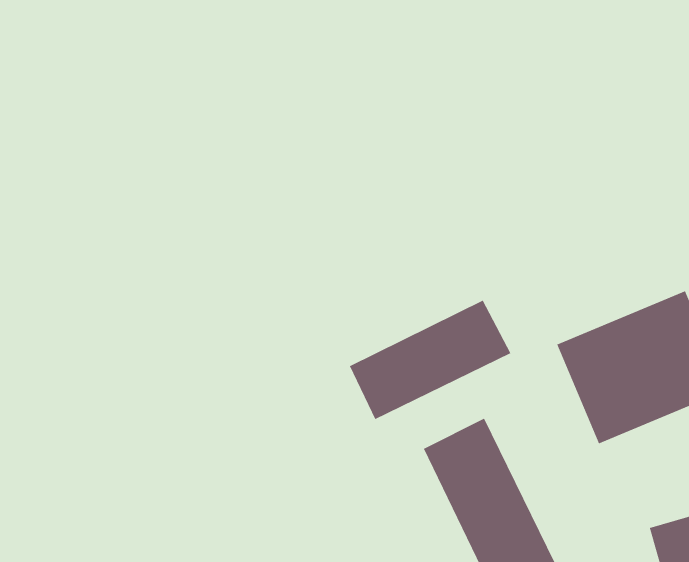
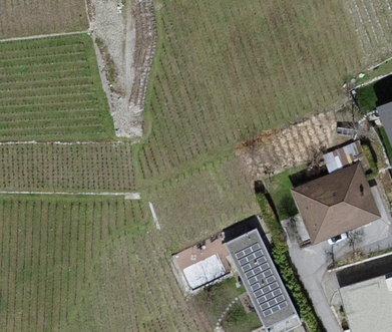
building: [349,299,512,420] -> none

